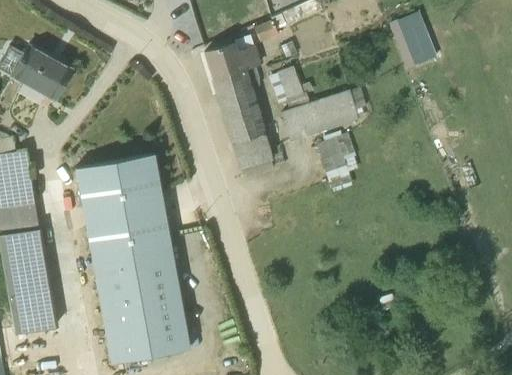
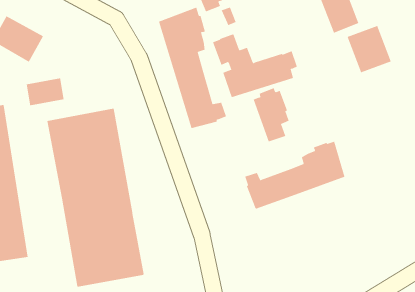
building: none -> [347,25,391,73]
building: none -> [26,78,64,106]
building: none -> [245,141,345,209]

